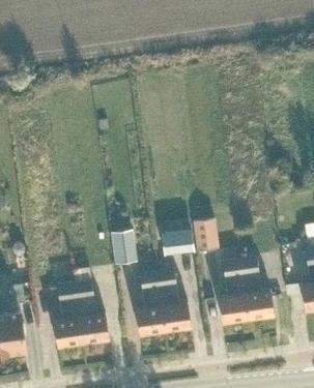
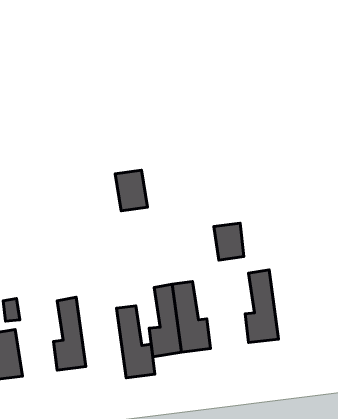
building: [110,228,138,263] -> [115,170,147,211]
building: [161,228,195,255] -> none
building: [240,256,274,318] -> none
building: [74,279,107,341] -> [117,306,155,378]

